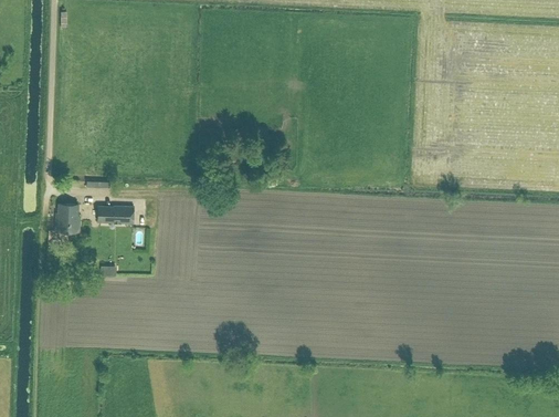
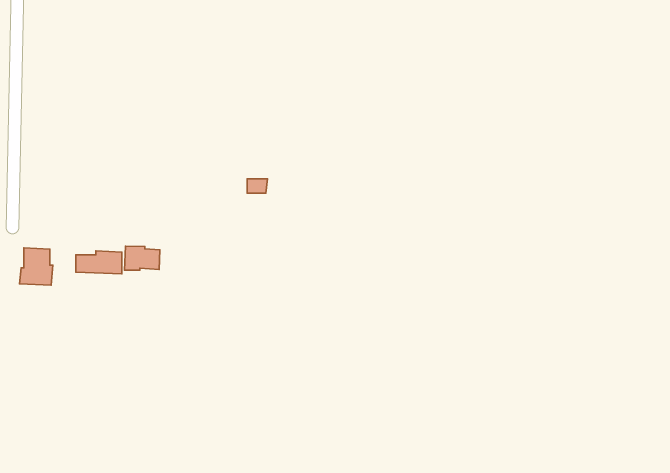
building: none -> [124,246,160,270]

